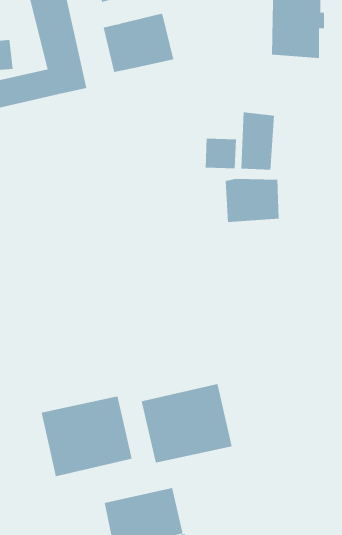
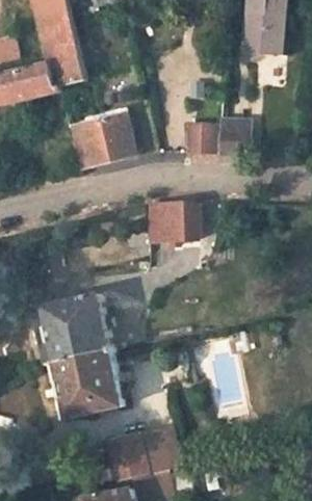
building: [103,13,174,73] -> [71,115,133,167]
building: [225,178,279,222] -> [151,203,199,241]
building: [141,383,232,463] -> [31,295,111,365]

